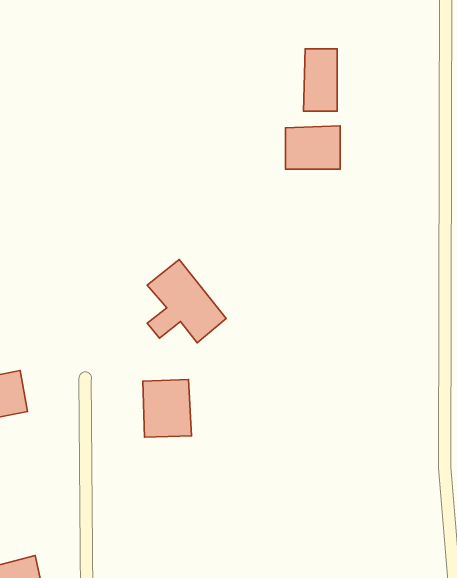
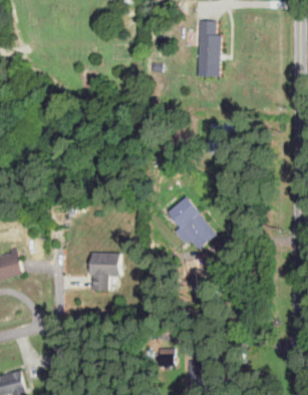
building: [285,126,340,169] -> none
building: [147,259,226,343] -> [167,194,219,250]

